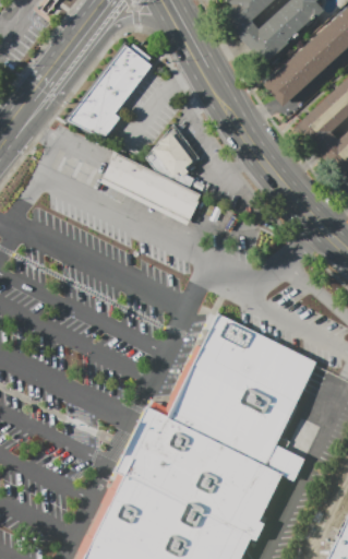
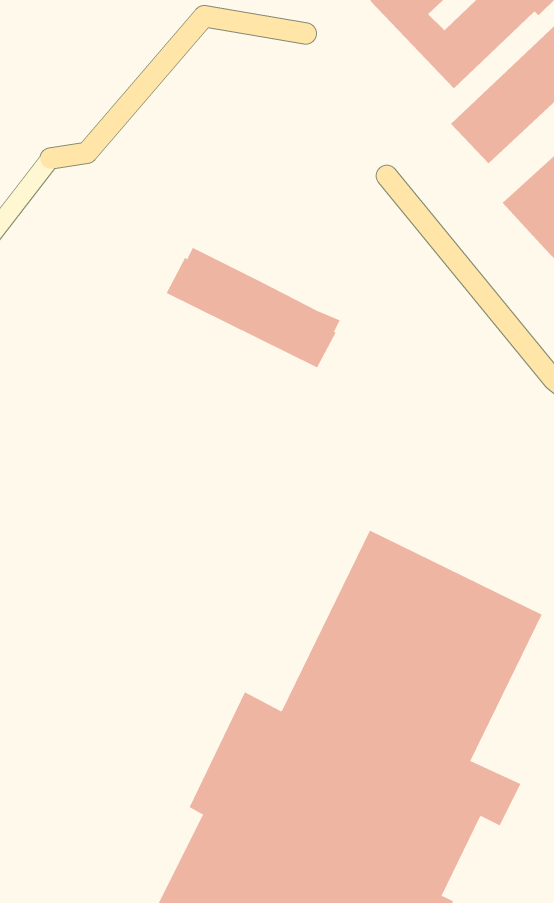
building: [64,41,156,142] -> none
building: [146,123,201,189] -> none

